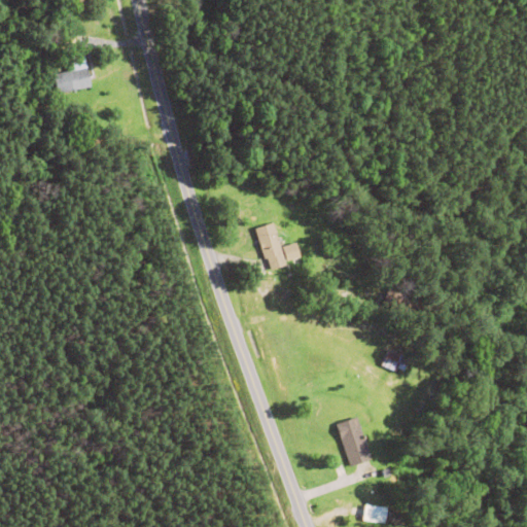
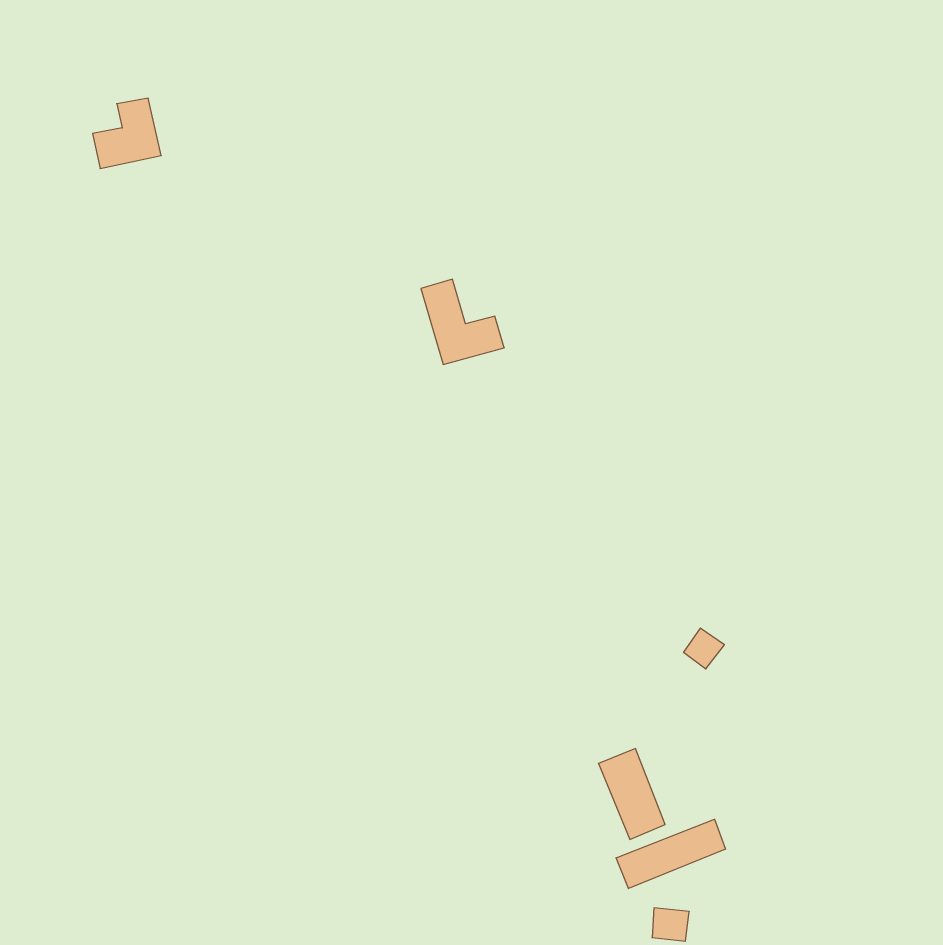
building: [256,221,303,269] -> [421,279,504,364]
building: none -> [616,819,726,889]

